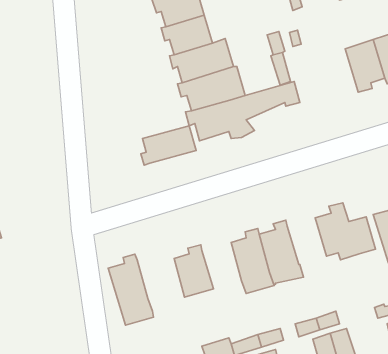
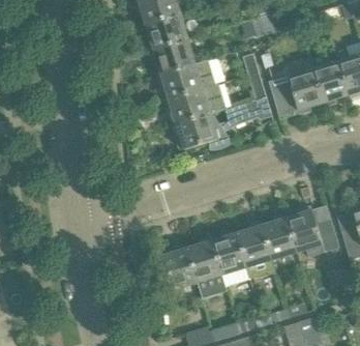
building: none -> [269,68,323,120]
building: [141,126,196,165] -> none
building: none -> [261,213,296,260]
building: [108,254,154,325] -> [185,235,226,298]

